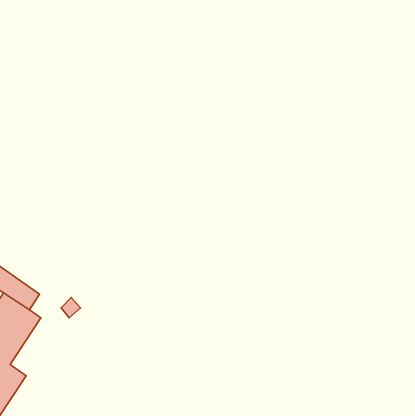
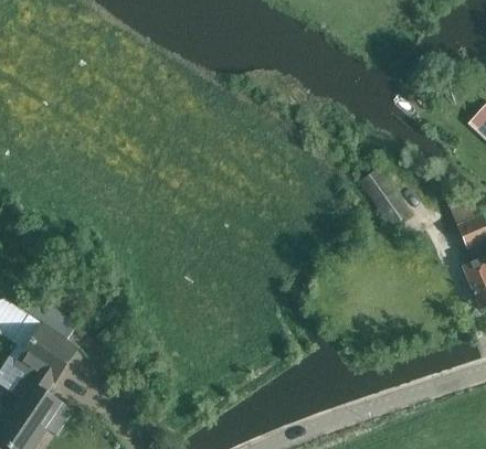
building: none -> [363,169,410,225]

